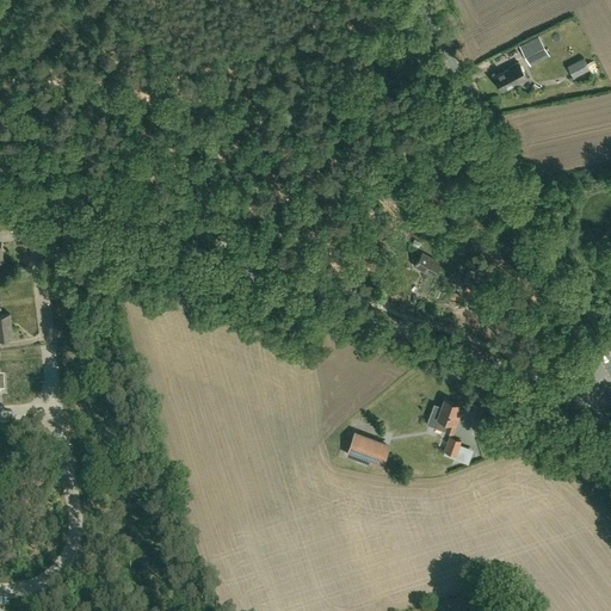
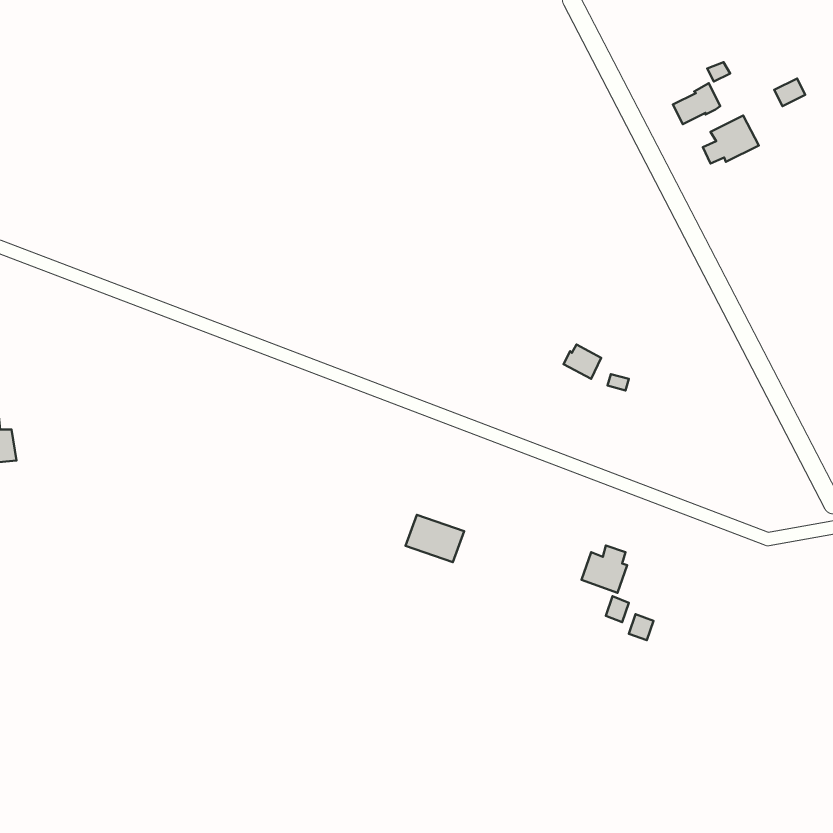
building: none -> [703,115,759,164]
building: [346,428,389,463] -> [406,515,464,562]

